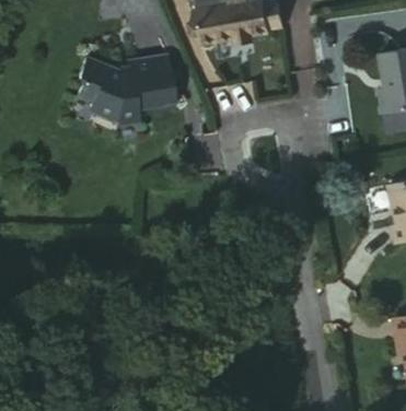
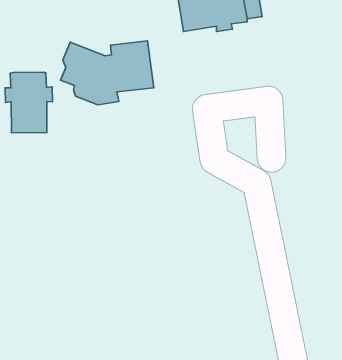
building: none -> [5,72,53,133]

